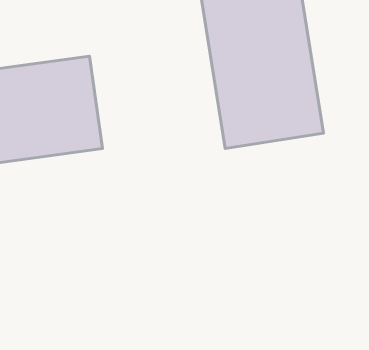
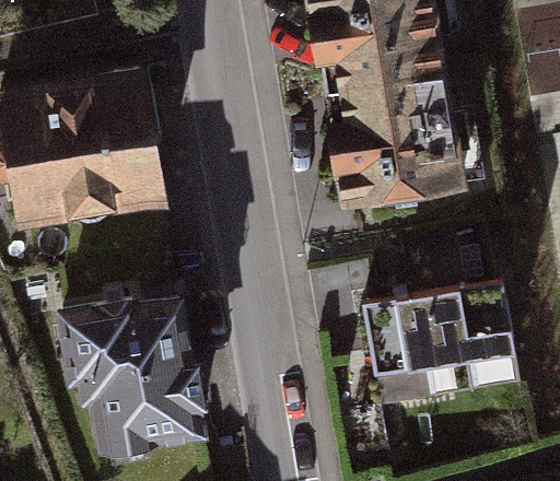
building: none -> [360,283,517,404]
building: none -> [77,301,198,441]

